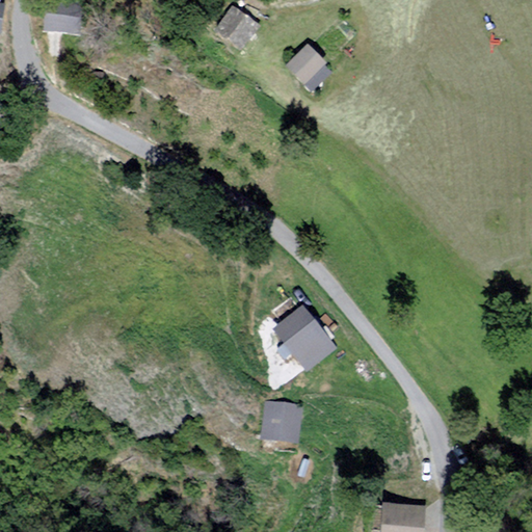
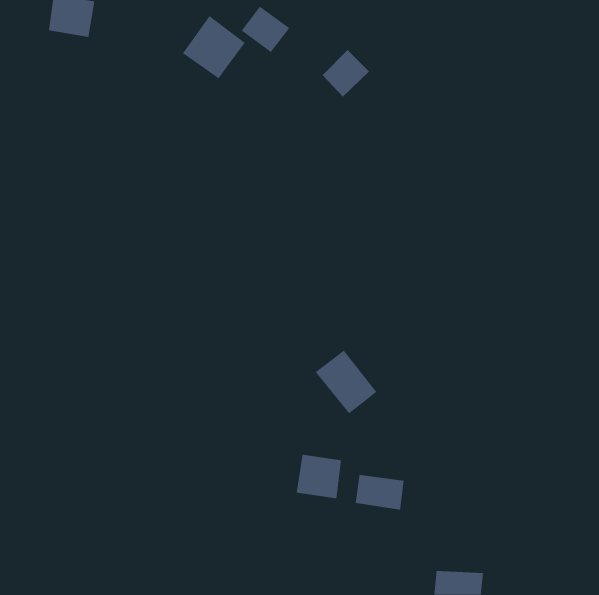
building: none -> [182,15,245,79]
building: none -> [355,474,404,510]

